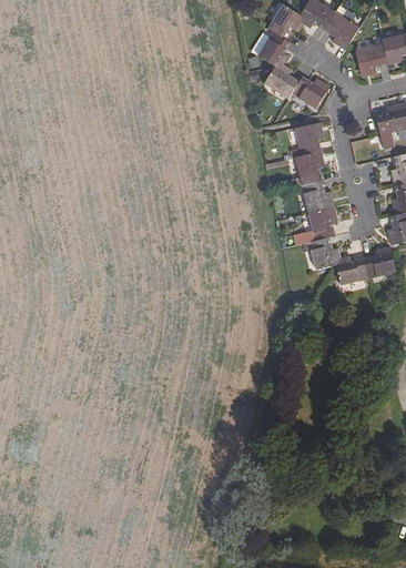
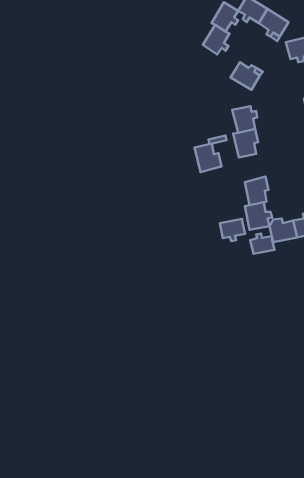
building: [265,65,298,98] -> none
building: [301,181,332,214] -> [195,144,221,172]
building: none -> [220,219,245,241]
building: none -> [250,233,274,254]

